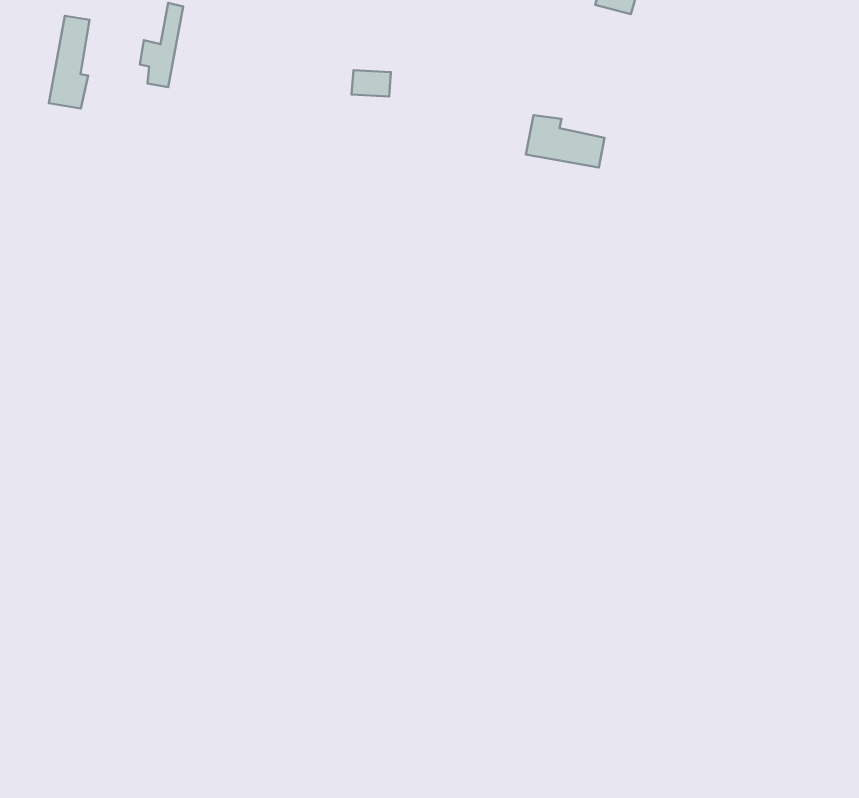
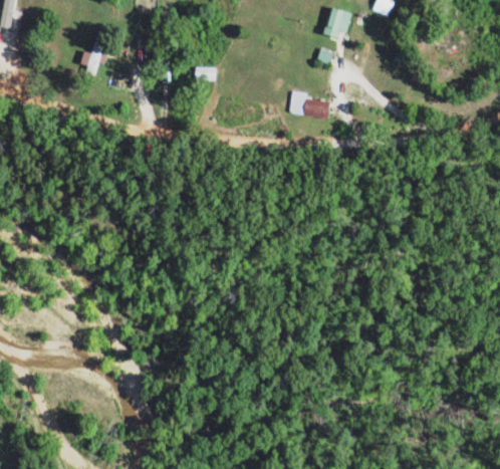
building: [49,16,89,109] -> none

